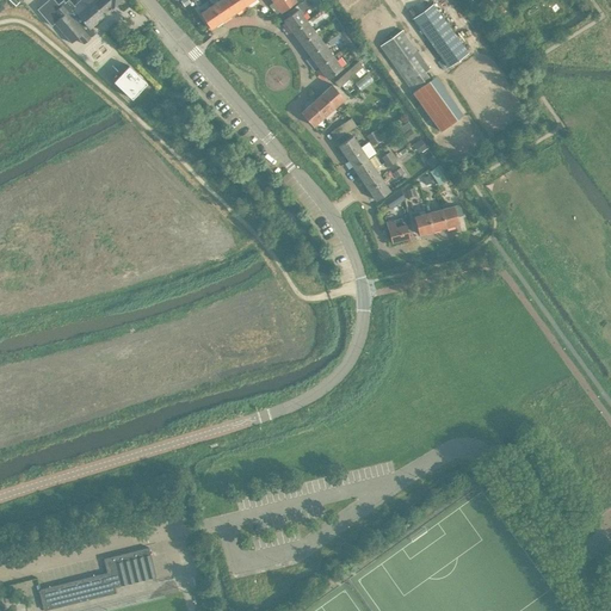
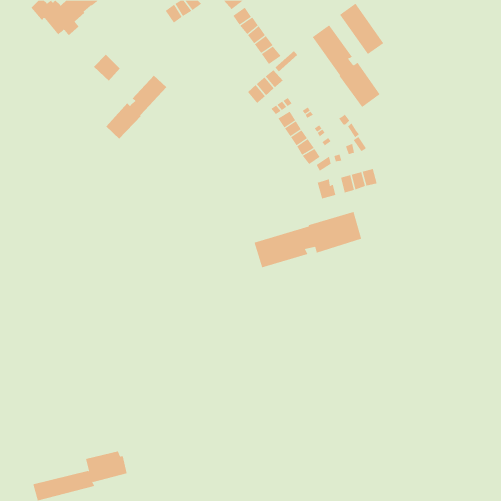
building: none -> [105,75,167,140]
building: none -> [254,211,362,268]

